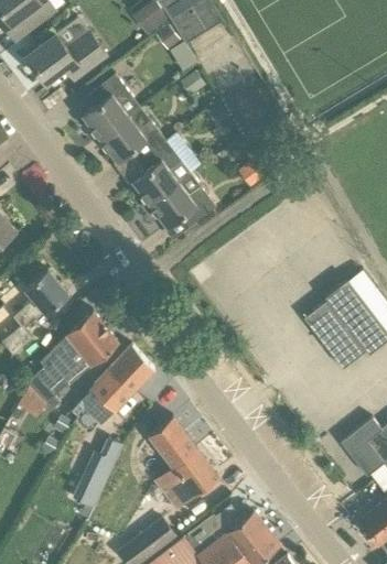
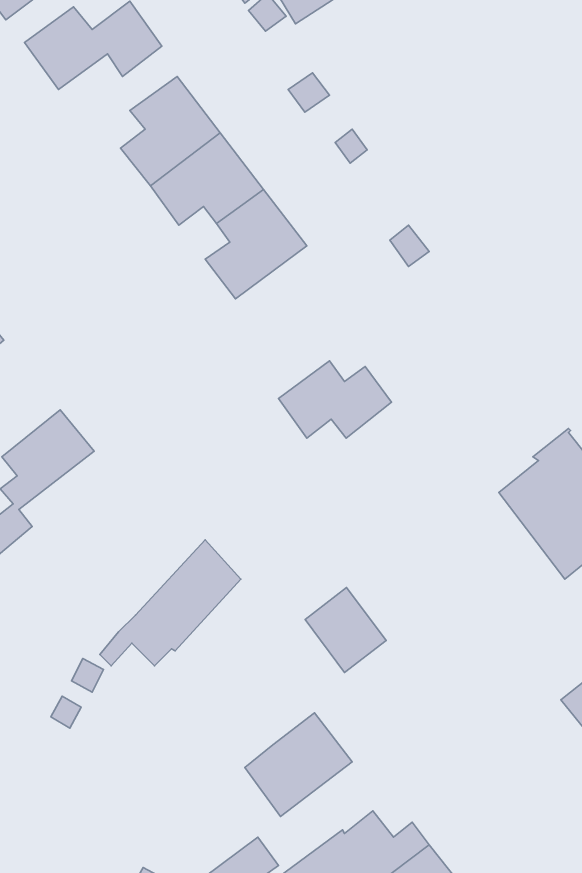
building: [149,183,215,228] -> [279,361,391,438]
building: [26,311,117,403] -> none
building: [148,416,195,466] -> [305,588,386,672]
building: [79,438,122,508] -> none

